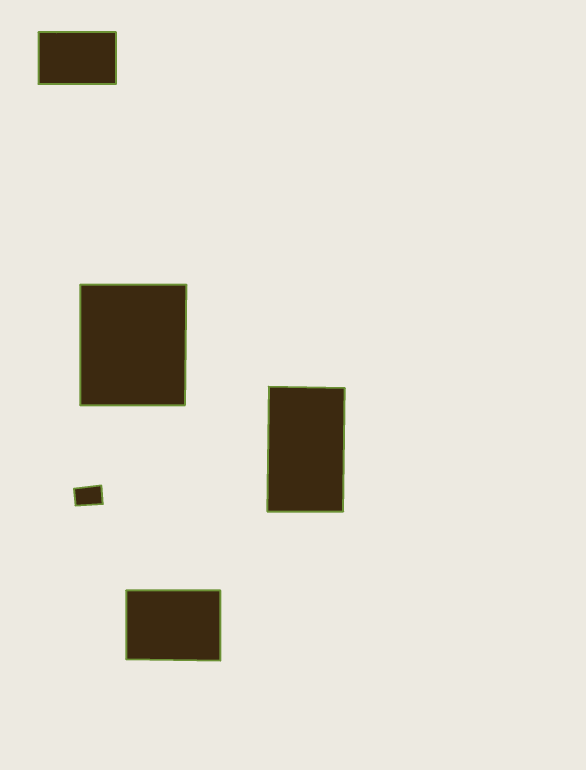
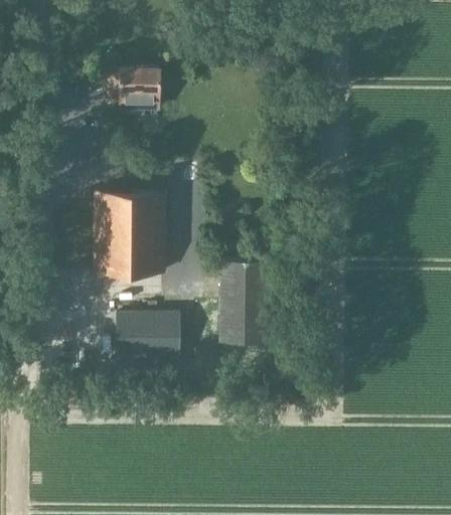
building: [38,32,116,84] -> [109,68,160,103]
building: [126,591,220,661] -> [117,313,179,359]

